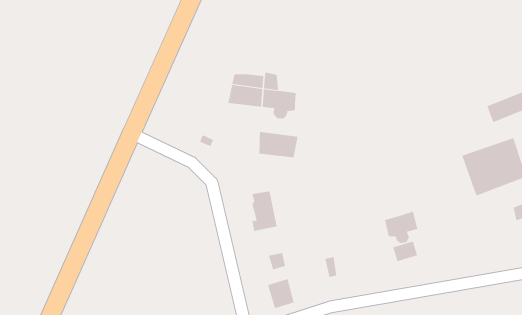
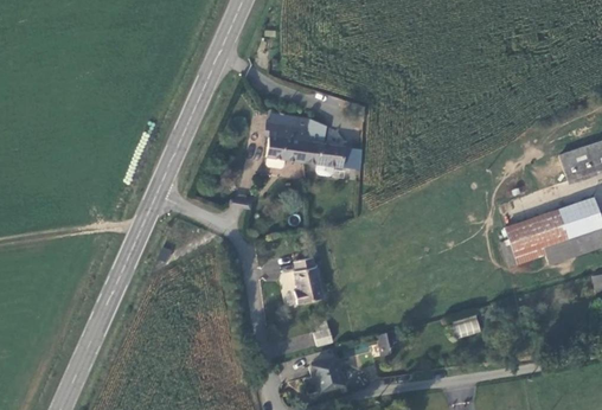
building: [259,131,298,158] -> none
building: none -> [500,216,545,265]
building: [384,211,418,244] -> none

